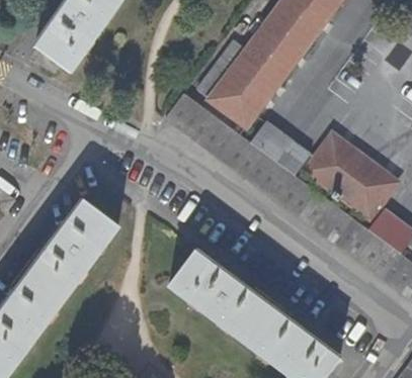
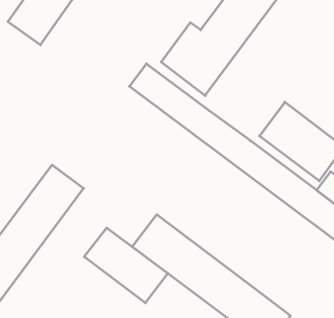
building: [252,121,312,174] -> none
building: none -> [84,228,168,303]

